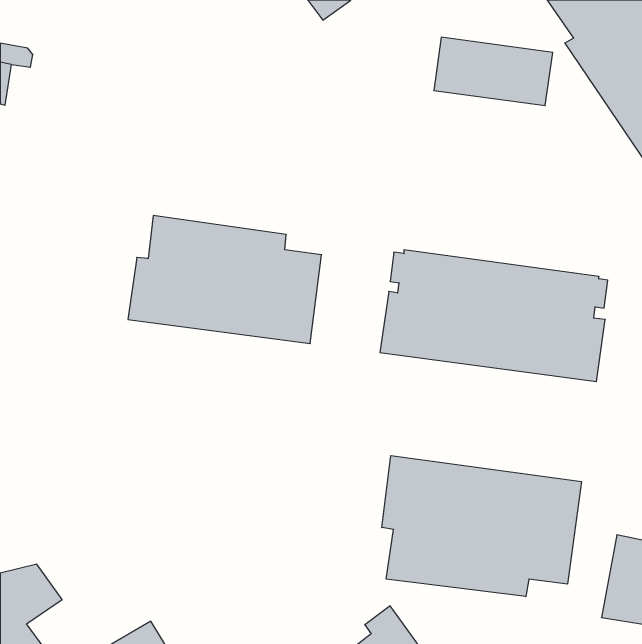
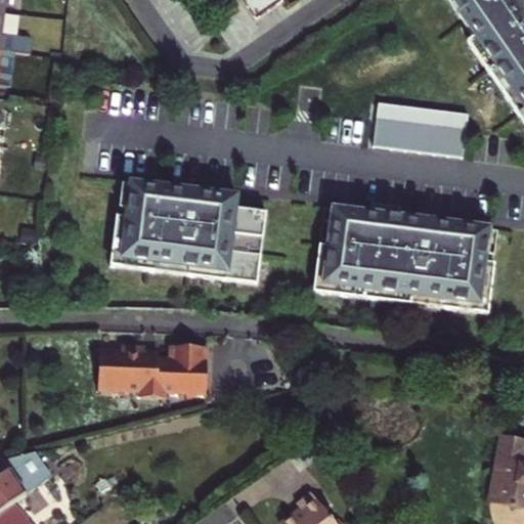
building: [434,37,553,106] -> [373,100,469,156]
building: none -> [101,347,210,399]
building: [382,456,582,597] -> none

